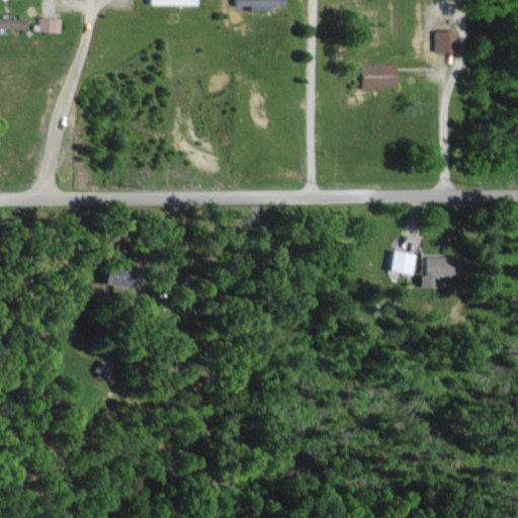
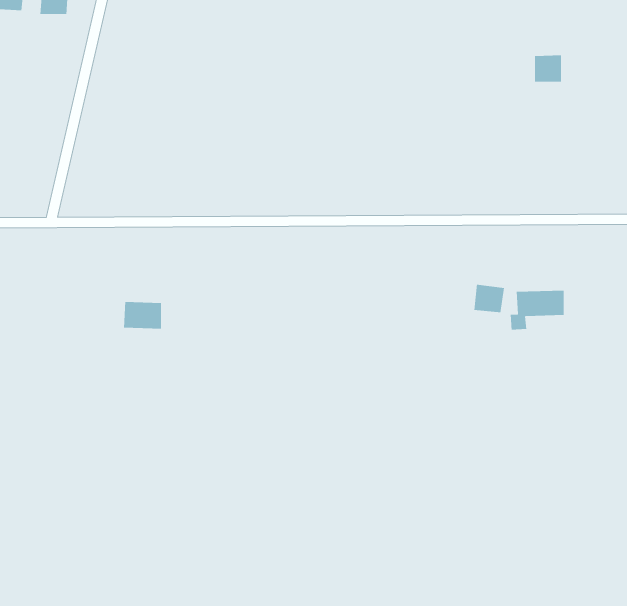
building: [436,30,458,53] -> [534,55,562,82]
building: [362,65,397,89] -> none

